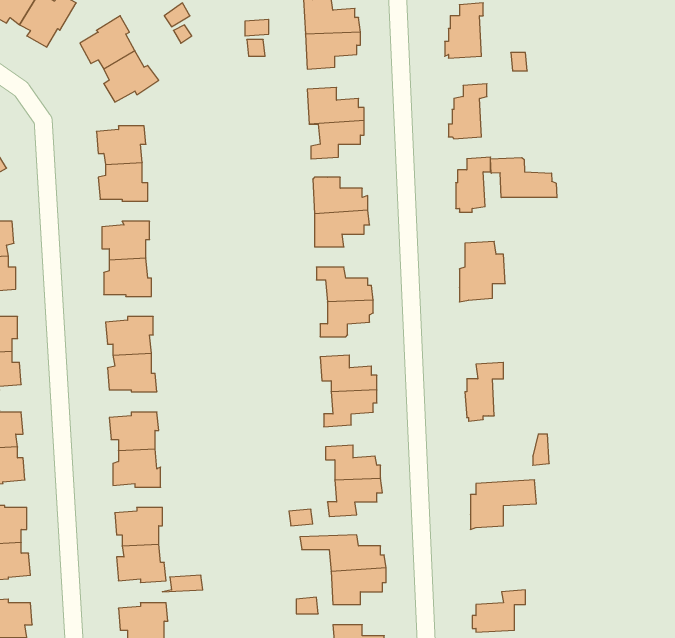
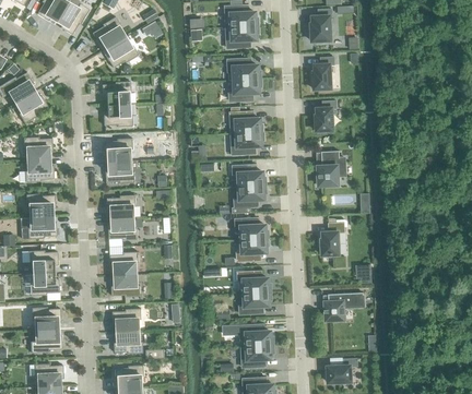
building: [491,158,557,198] -> none

